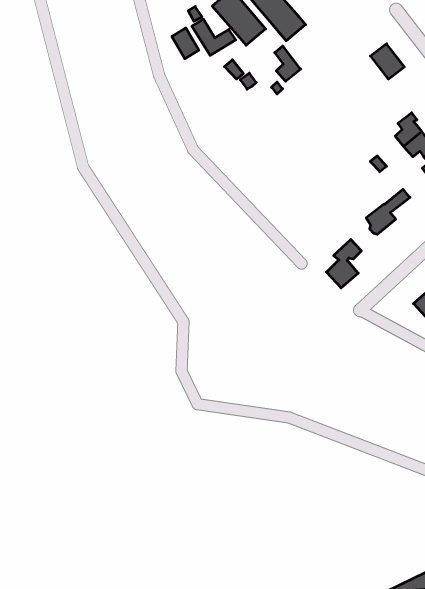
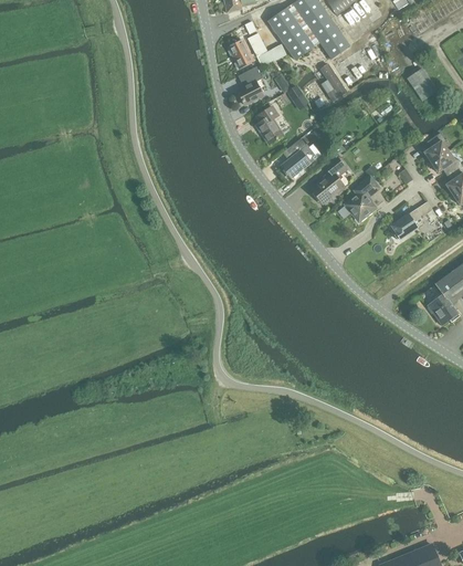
building: none -> [235,65,261,103]
building: none -> [255,105,281,142]
building: none -> [280,137,309,177]
building: none -> [309,157,345,201]
building: [326,239,361,288] -> [345,176,378,219]

